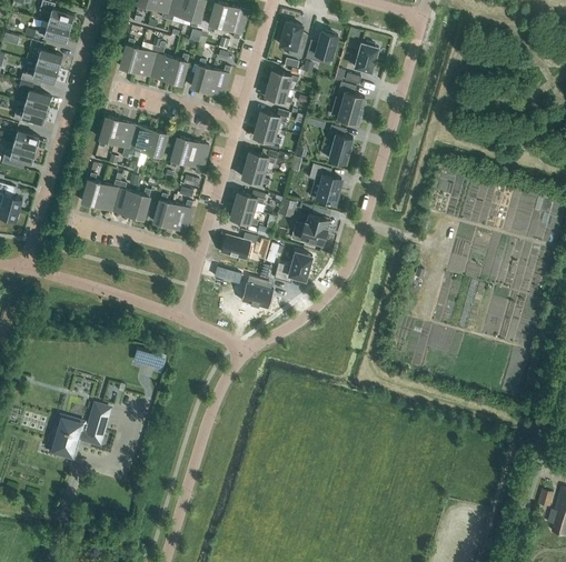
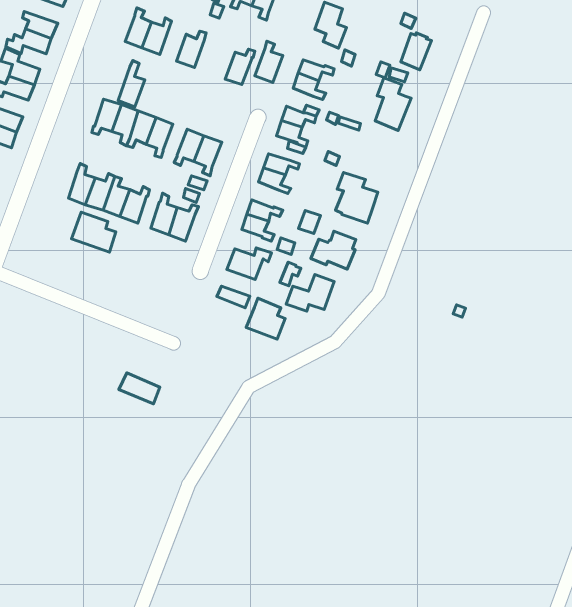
building: [305,31,337,62] -> none
building: [150,42,171,81] -> [118,61,145,107]
building: [191,59,214,93] -> [255,41,283,82]
building: [326,126,352,164] -> none
building: none -> [71,212,116,252]
building: [52,405,109,466] -> none

